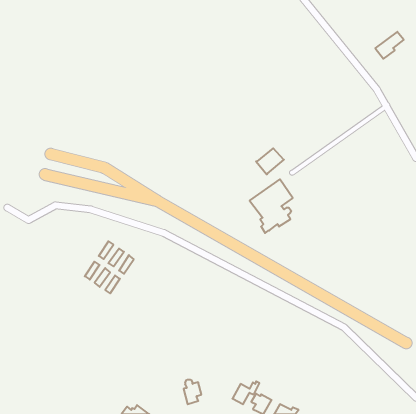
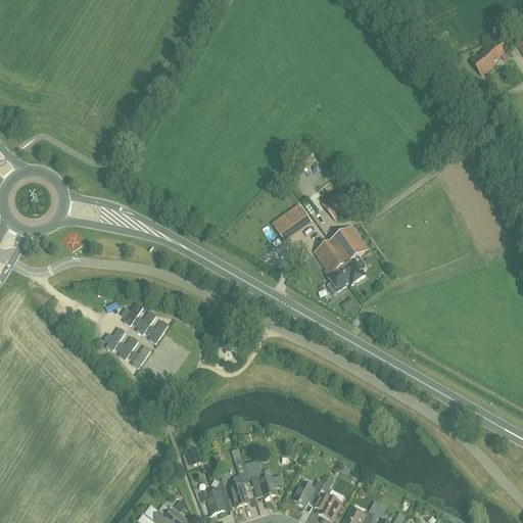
building: none -> [272,198,312,238]
building: none -> [244,463,277,498]
building: none -> [199,480,227,514]

